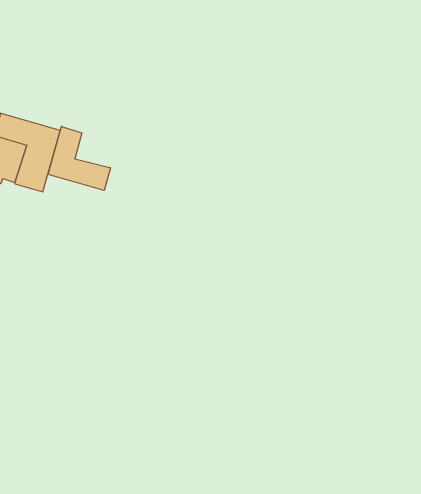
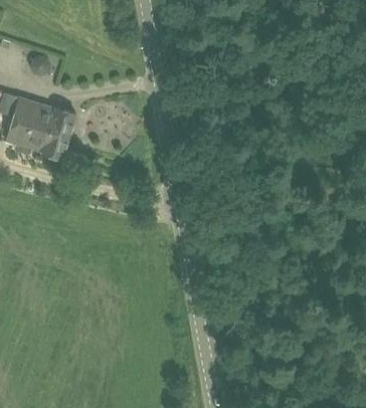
building: [48,126,111,190] -> none

